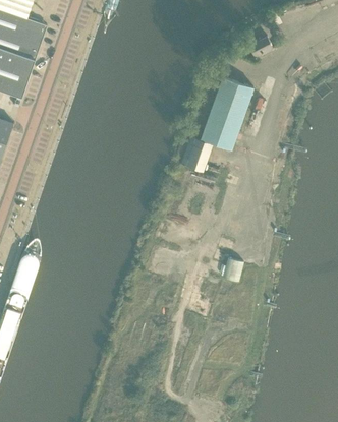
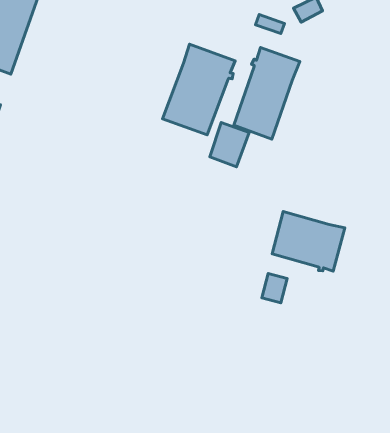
building: none -> [163,44,235,135]
building: none -> [272,212,345,271]

